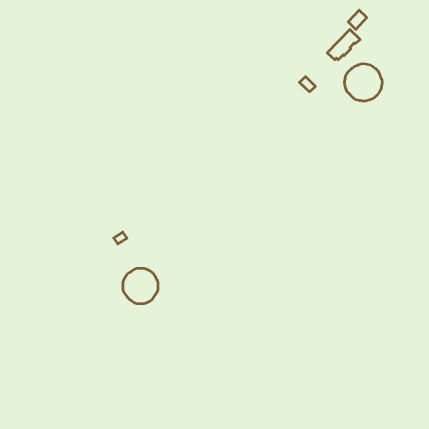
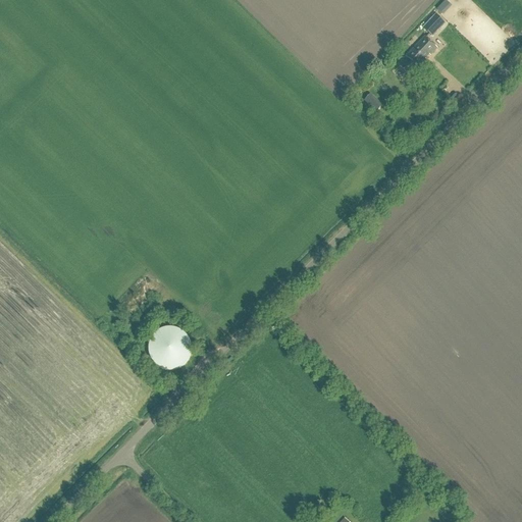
building: [345,64,382,101] -> none

